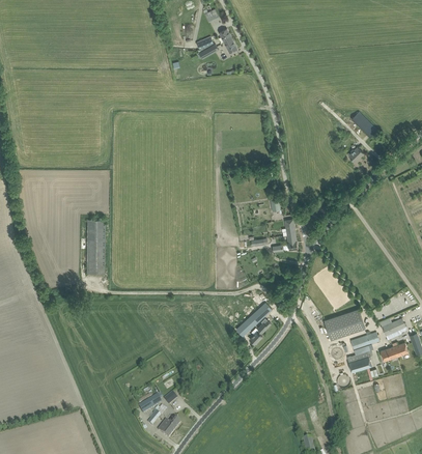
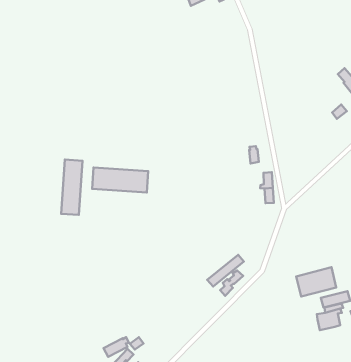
building: none -> [92,168,148,192]

